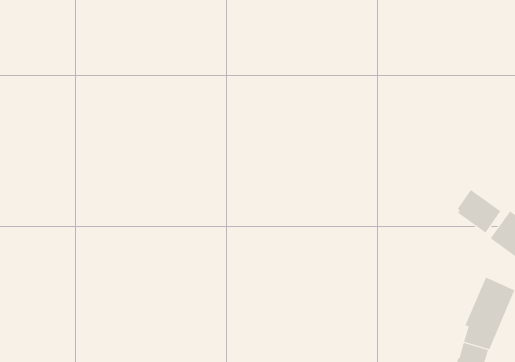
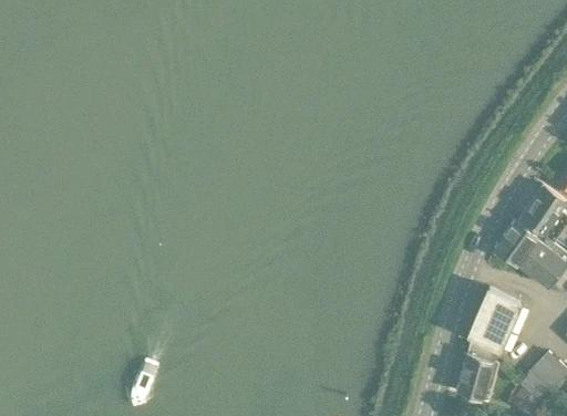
building: [456,189,501,234] -> none

